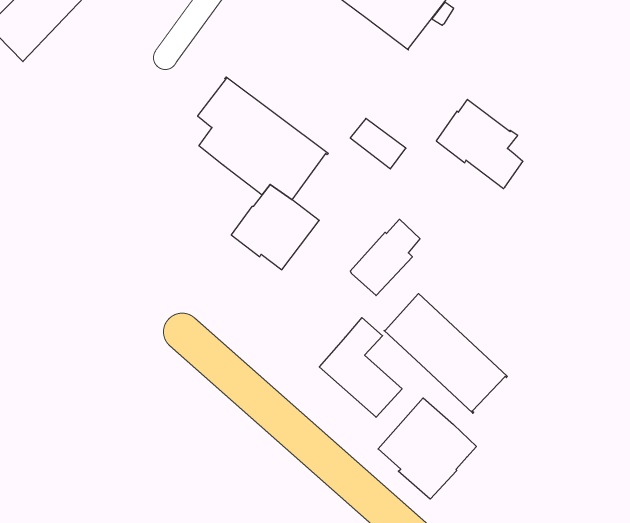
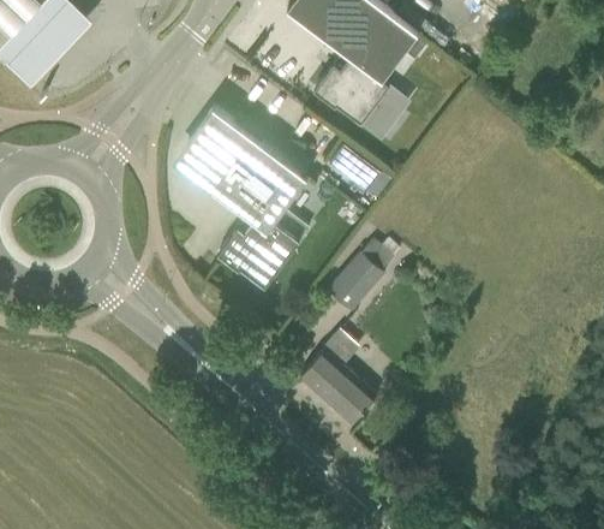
building: [436,99,523,189] -> [313,52,394,135]
building: [384,294,507,413] -> none
building: [378,398,476,499] -> none

